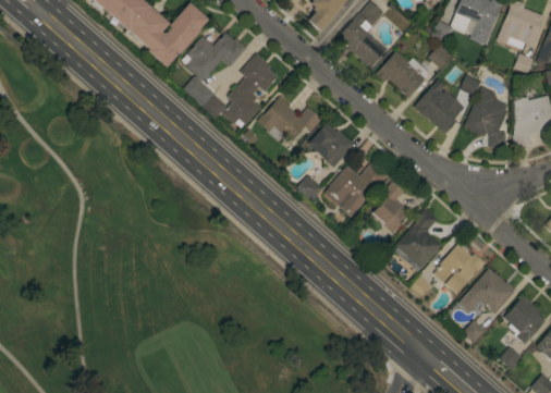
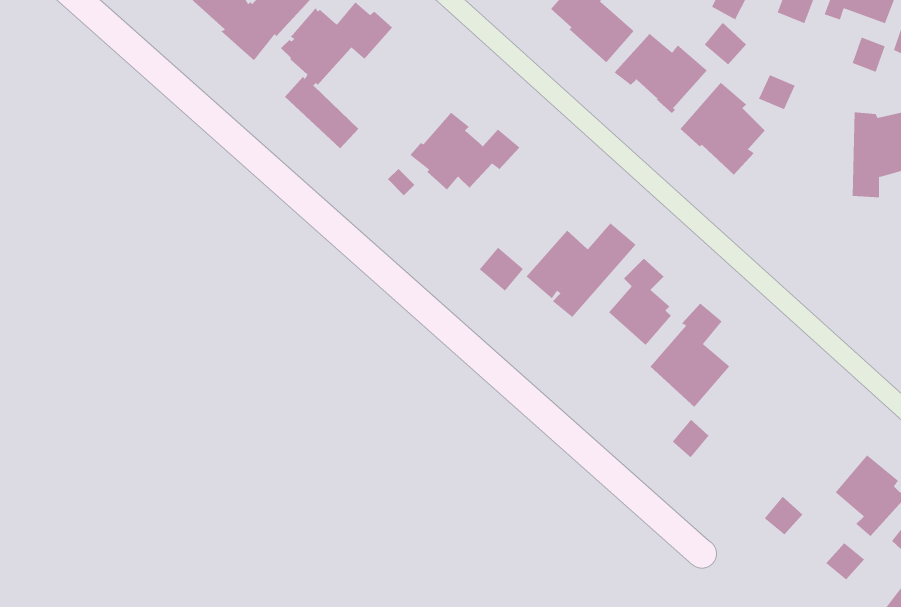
building: [222,53,279,125] -> none
building: [464,87,509,149] -> none
building: [307,123,355,168] -> none
building: [434,244,483,294] -> none
building: [458,268,516,315] -> none

